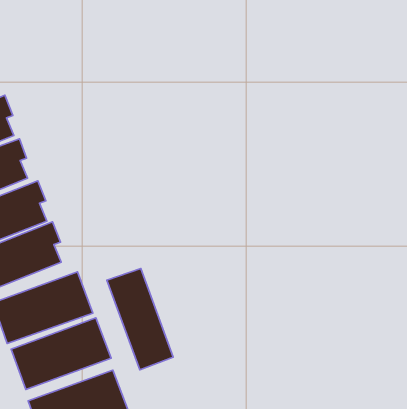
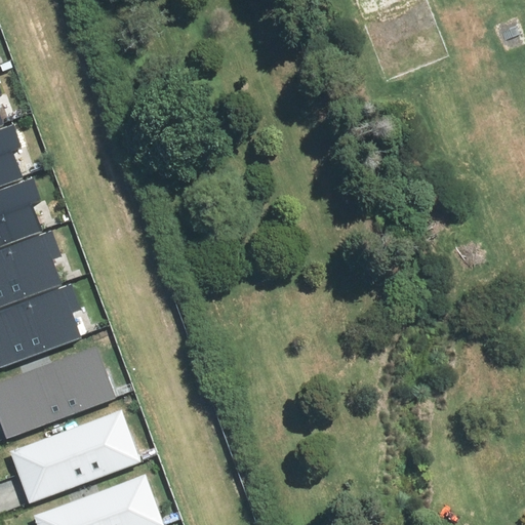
building: [107,268,173,370] -> none

